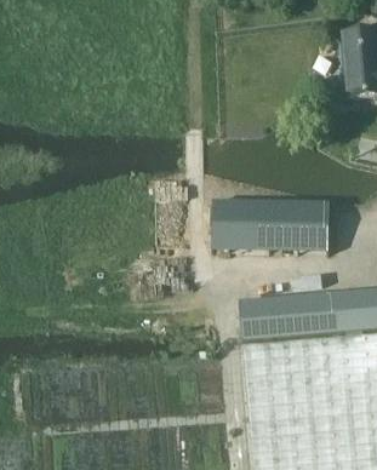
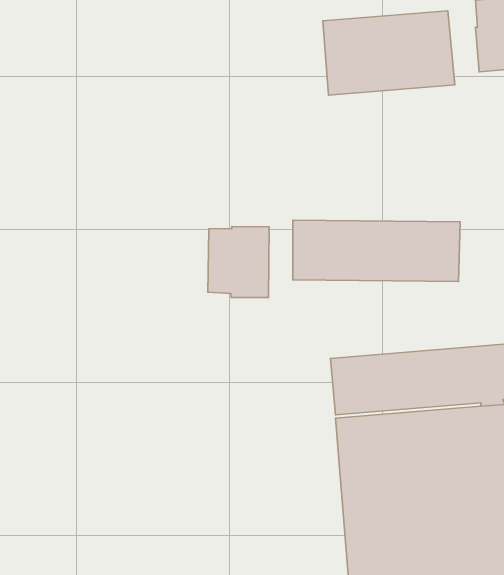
building: none -> [323,11,455,95]
building: none -> [208,227,269,298]

